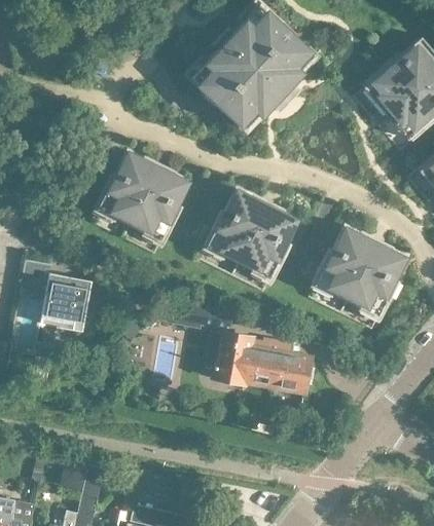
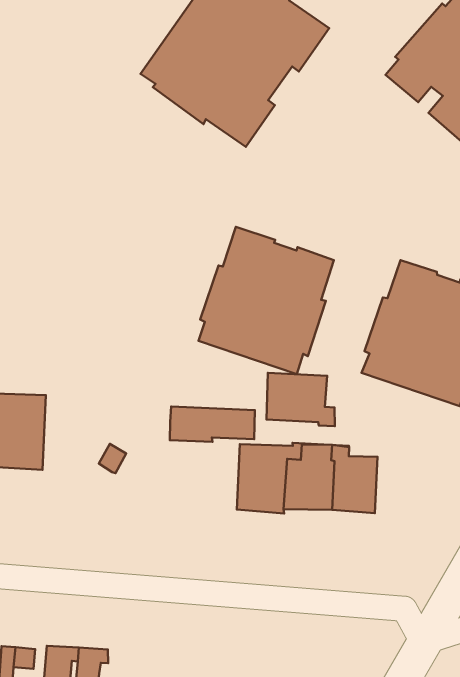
building: [92,149,192,254] -> none
building: none -> [267,373,335,426]

